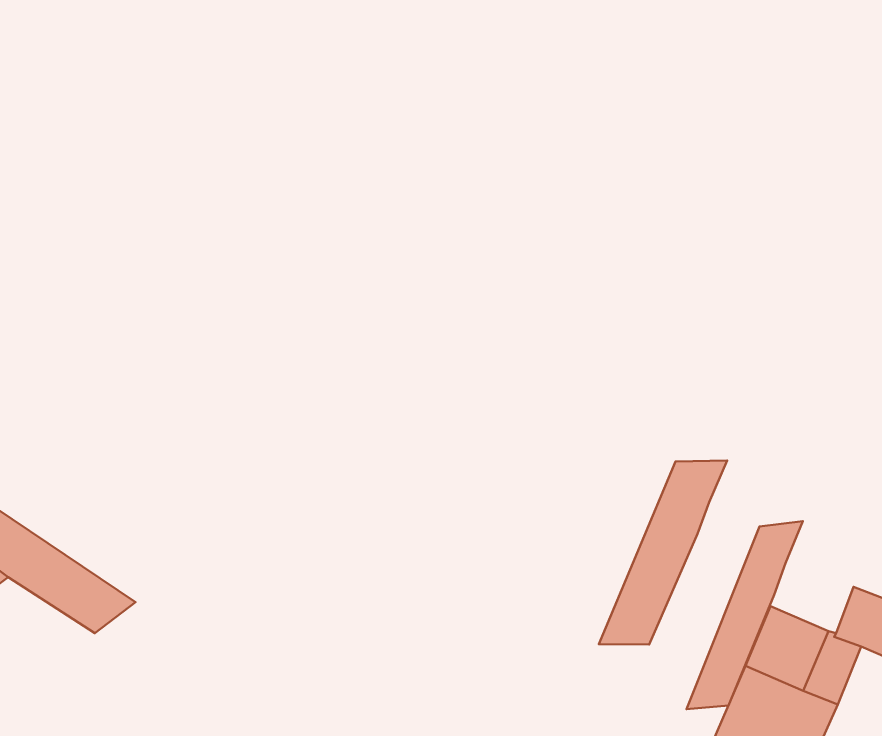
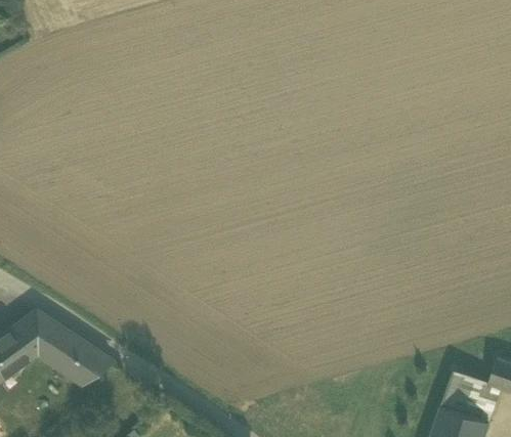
building: [599,460,727,644] -> none
building: [686,521,803,709] -> none

